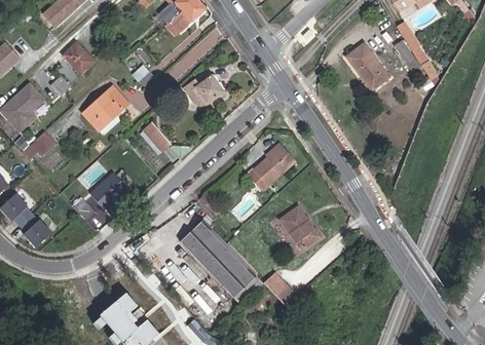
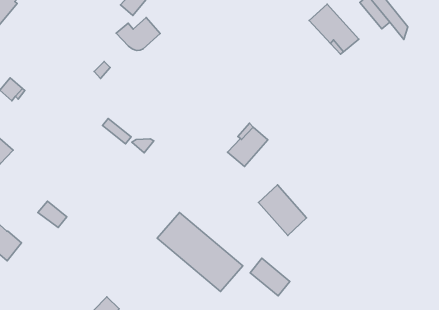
building: [60,44,92,78] -> none
building: [182,76,223,106] -> [116,18,160,51]
building: [82,86,127,131] -> none
building: [90,171,128,209] -> none

